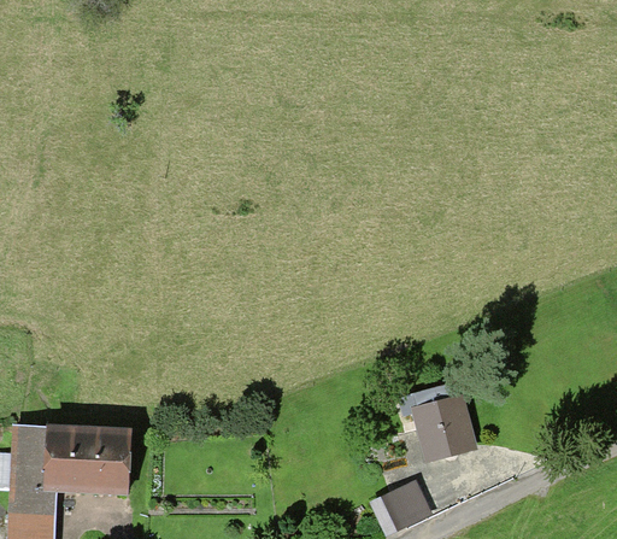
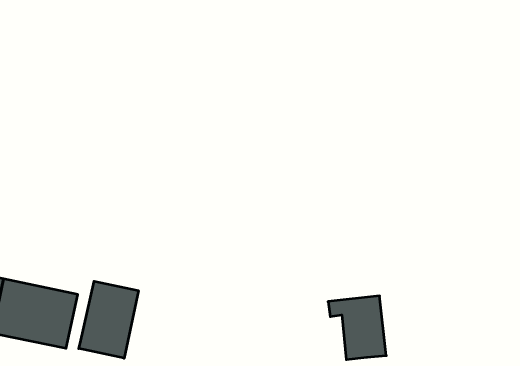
building: none -> [79,281,138,358]

